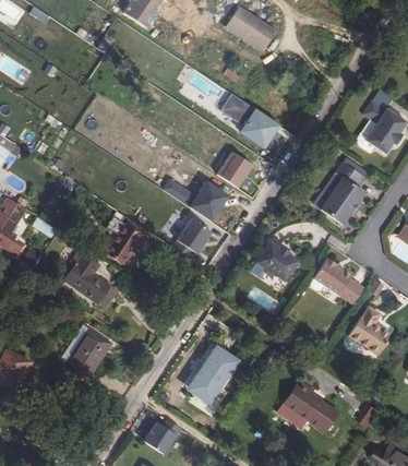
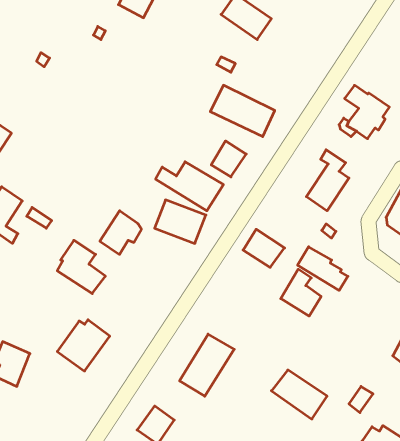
building: [341,303,382,350] -> [281,269,321,316]

